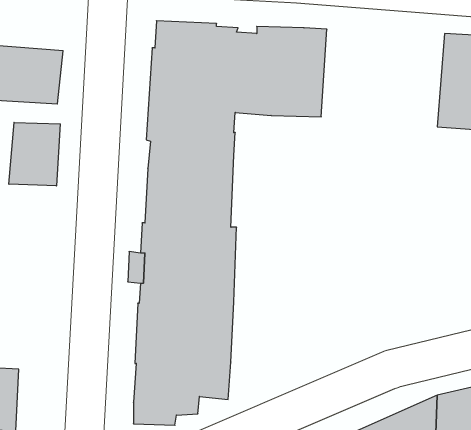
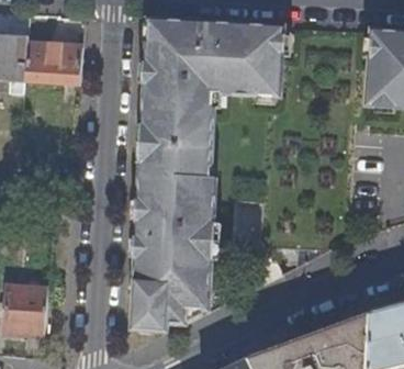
building: [9,122,60,186] -> none

